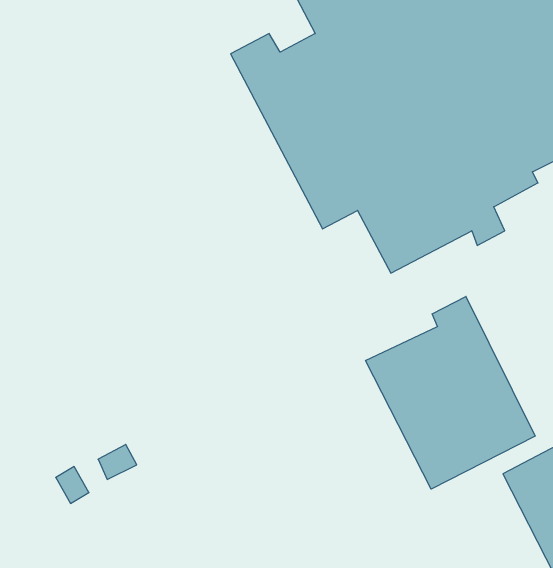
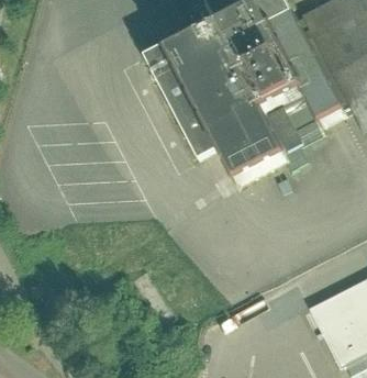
building: [366,296,535,489] -> none

